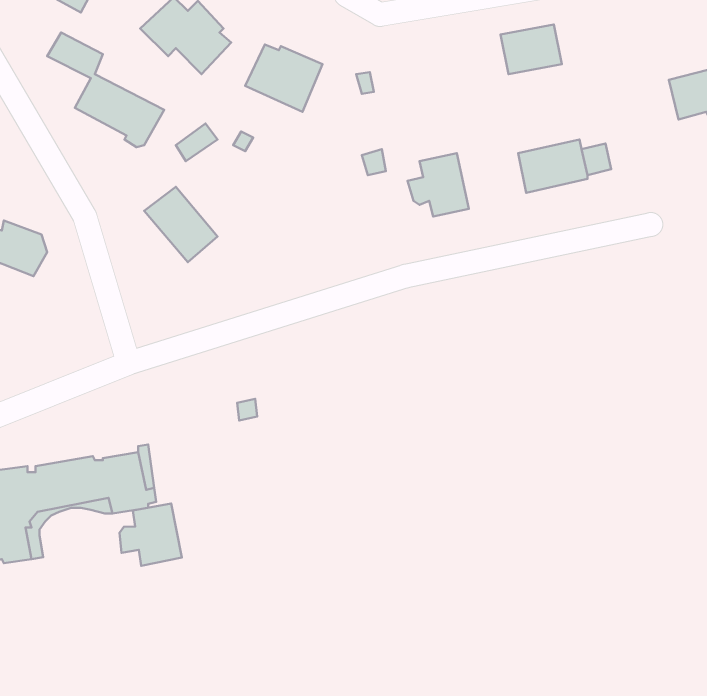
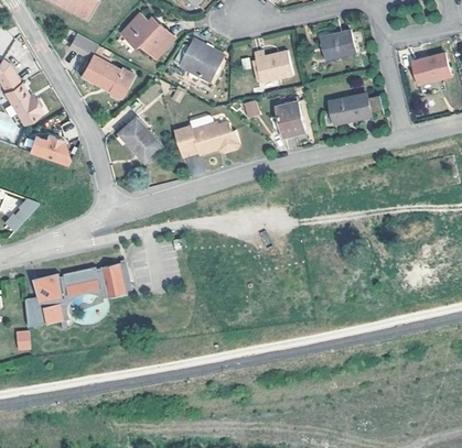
building: none -> [254,47,292,80]
building: none -> [176,116,243,157]
building: [119,503,182,566] -> none

